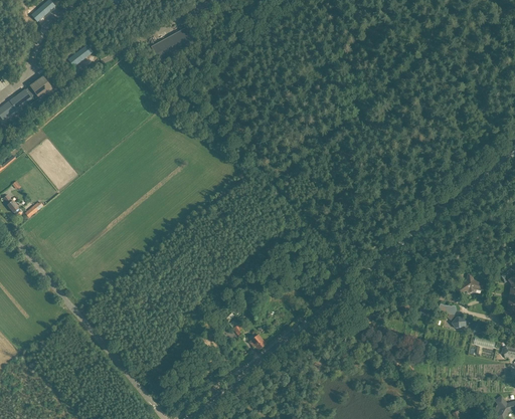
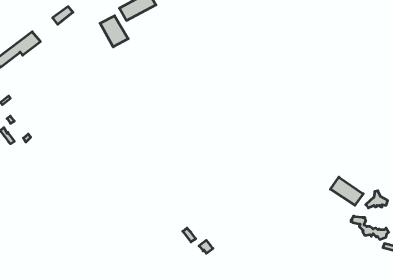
building: none -> [100,16,128,47]
building: none -> [330,177,363,205]

